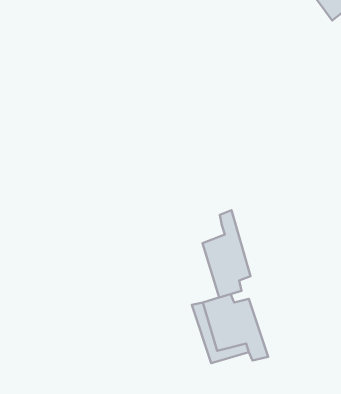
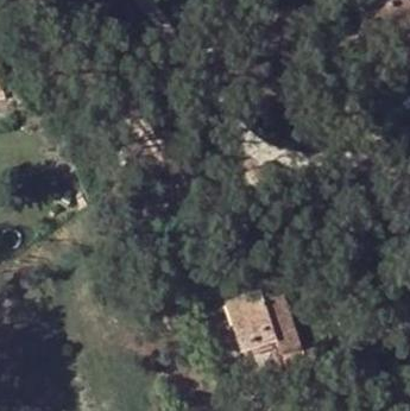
building: [203,210,250,297] -> none

